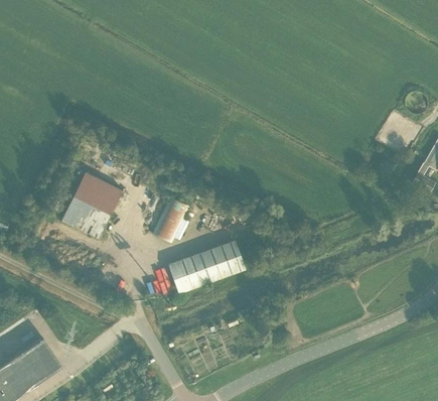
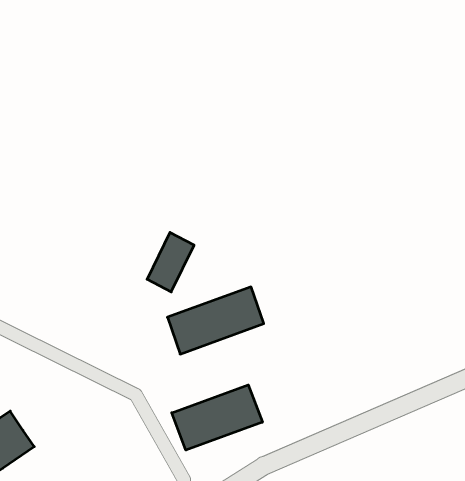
building: [61,172,122,239] -> none
building: none -> [172,385,262,450]

